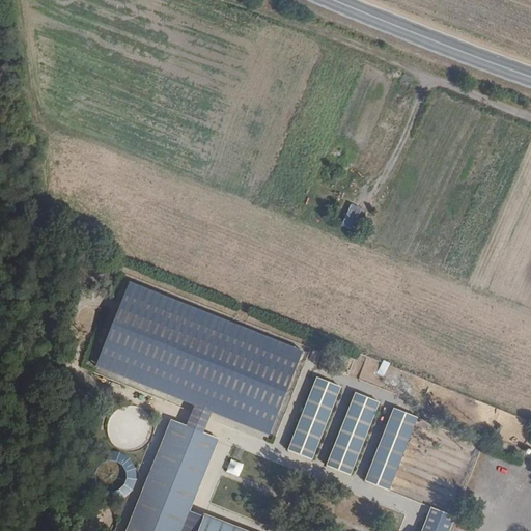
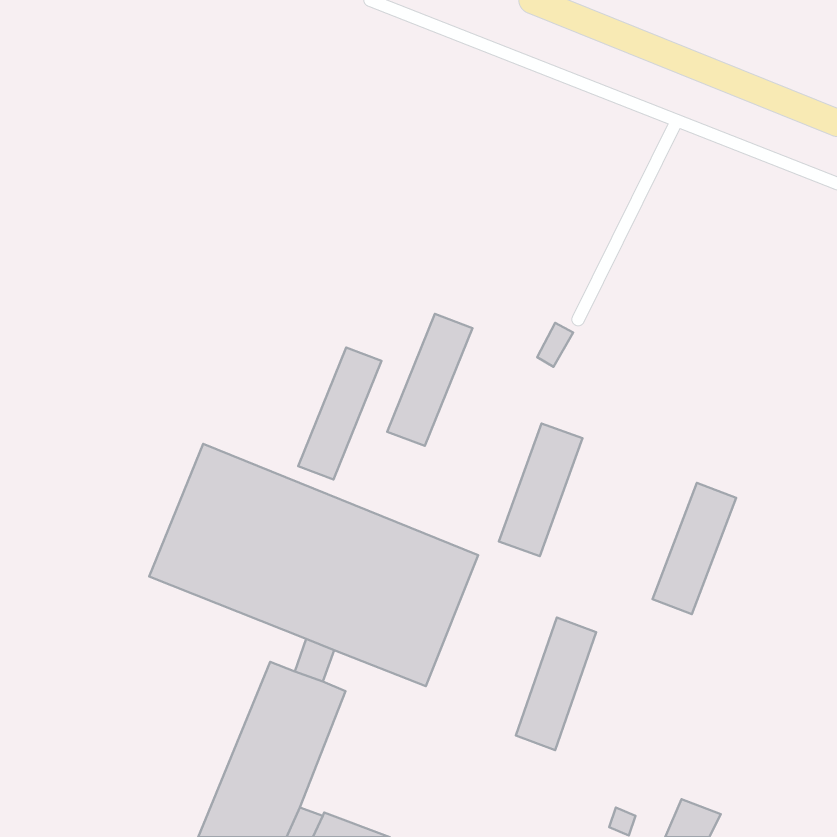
building: none -> [387,314,473,446]
building: none -> [298,348,381,479]
building: [287,375,340,459] -> [499,423,582,556]
building: [364,407,417,490] -> [652,483,736,614]

